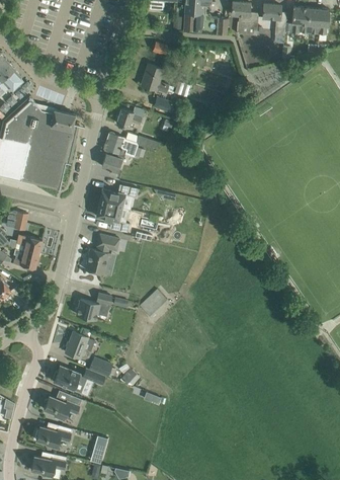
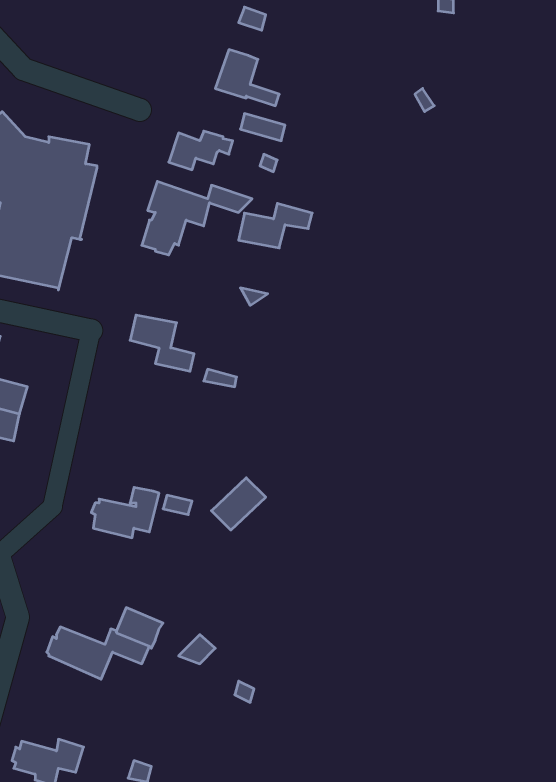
building: [99,184,138,208] -> [239,203,312,248]
building: [85,235,119,276] -> none
building: [65,332,91,362] -> none
building: [44,395,82,421] -> none

